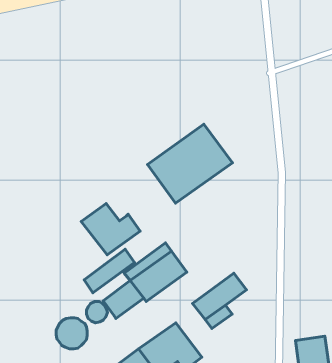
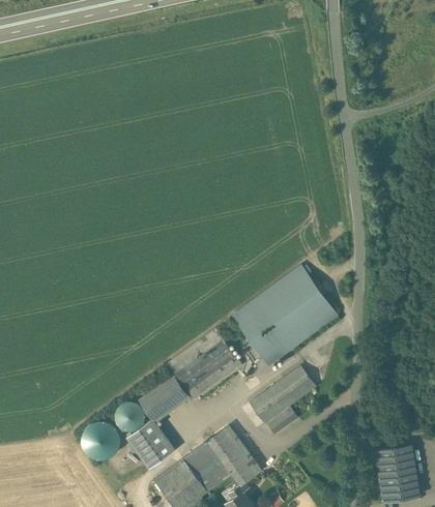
building: [148,124,233,203] -> [232,267,337,364]
building: [81,203,140,255] -> none
building: [84,249,134,293] -> none
building: none -> [126,419,174,469]

